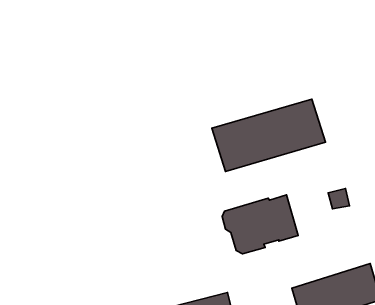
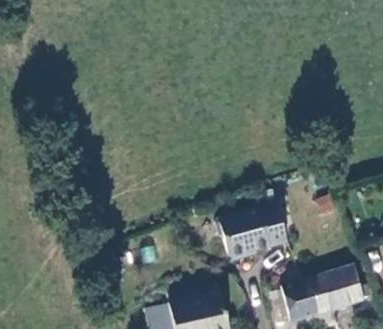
building: [212,99,326,172] -> none

